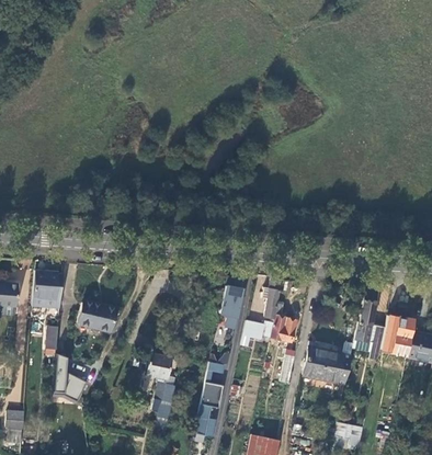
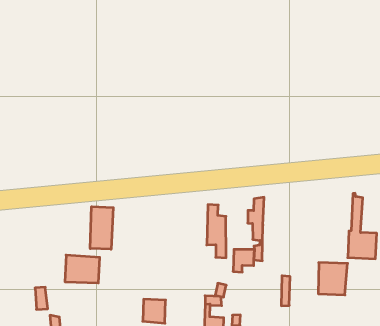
building: none -> [90,207,113,249]
building: [32,270,57,306] -> none
building: [270,302,296,340] -> none
building: [303,343,323,376] -> none

